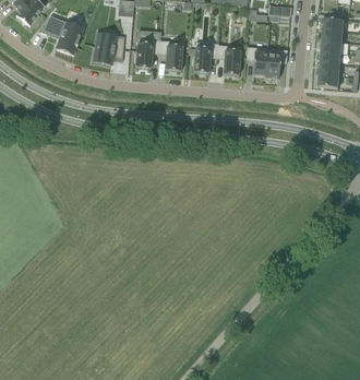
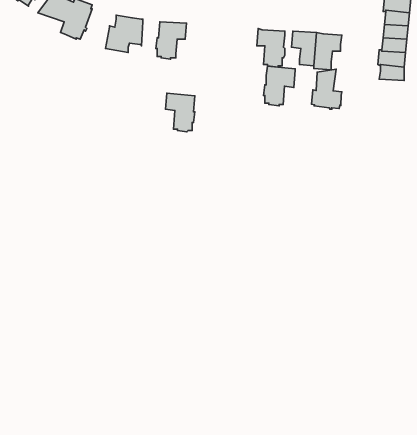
building: [158,40,182,72] -> [166,93,195,132]
building: [192,41,218,74] -> [263,66,295,106]
building: none -> [311,69,342,109]

